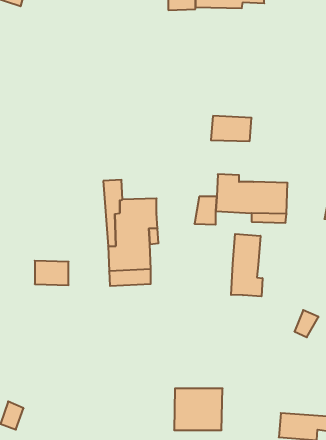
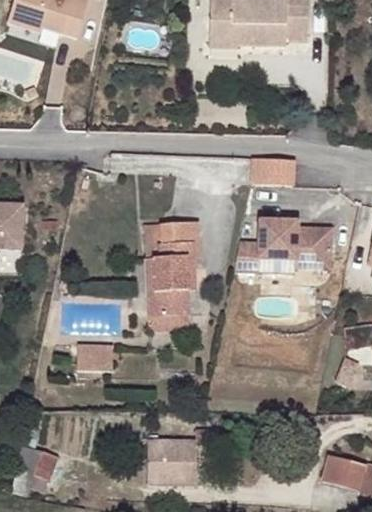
building: none -> [160,222,202,243]
building: [231,234,262,296] -> none
building: [35,261,69,285] -> [76,346,111,371]
building: [174,388,223,430] -> [149,437,199,480]

